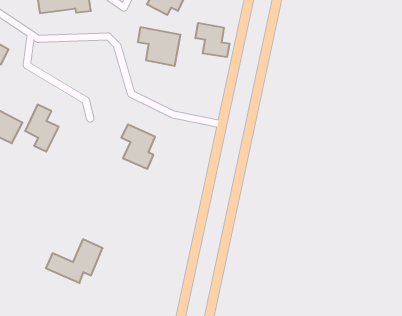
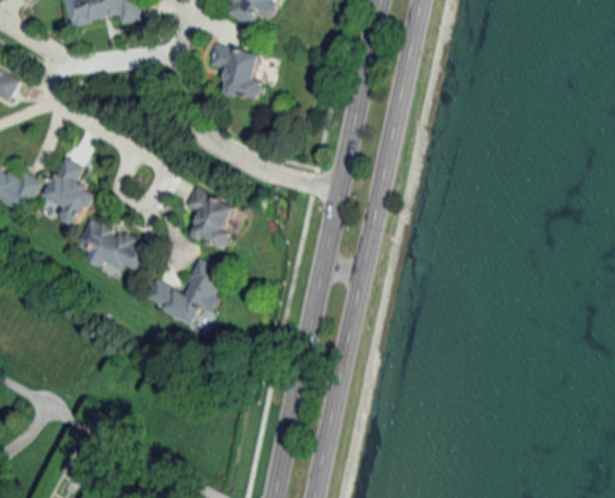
building: [195,23,230,57] -> none
building: none -> [78,220,149,274]
building: [46,239,103,283] -> [144,259,227,323]

